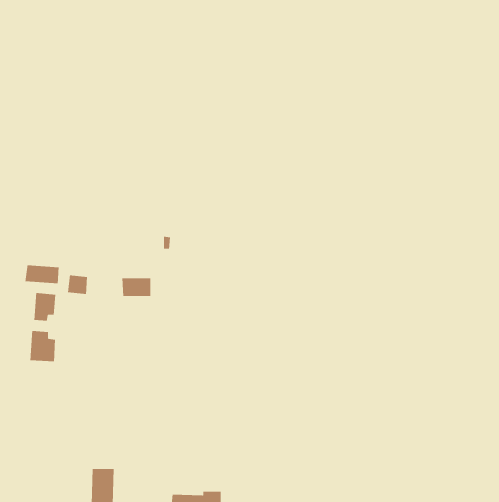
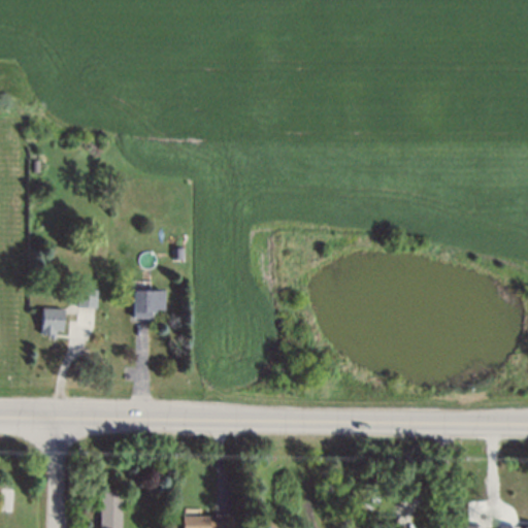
building: [25,265,59,284] -> none
building: [30,330,56,362] -> none

